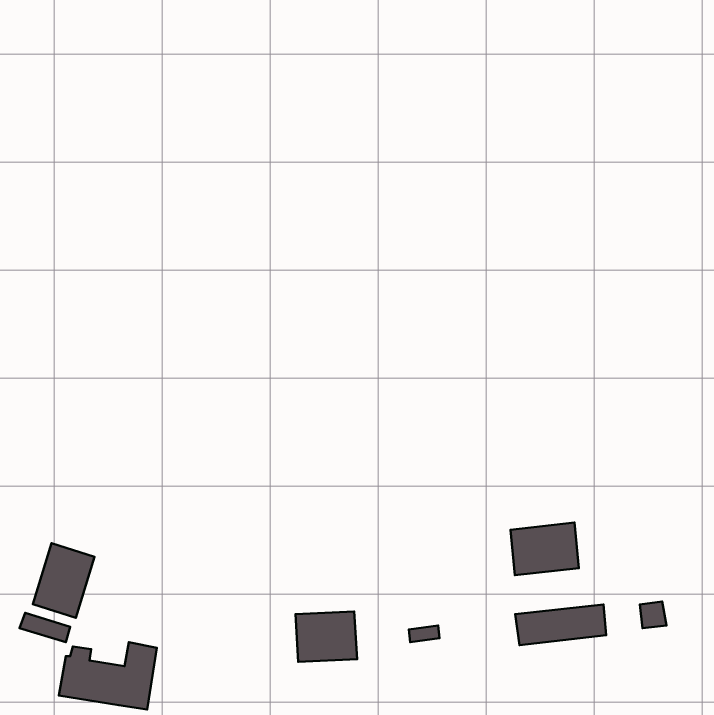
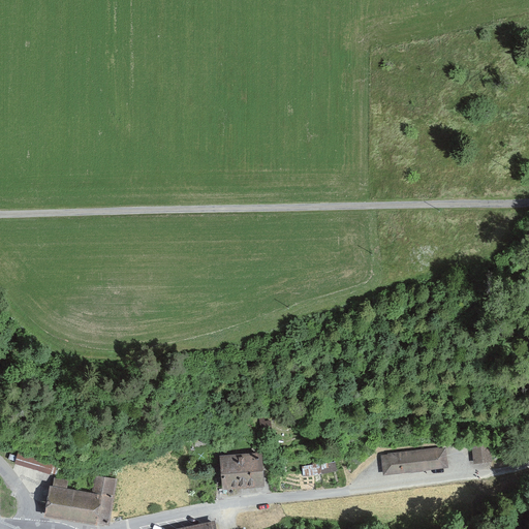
building: [510,523,579,575] -> none
building: [33,543,94,618] -> none

